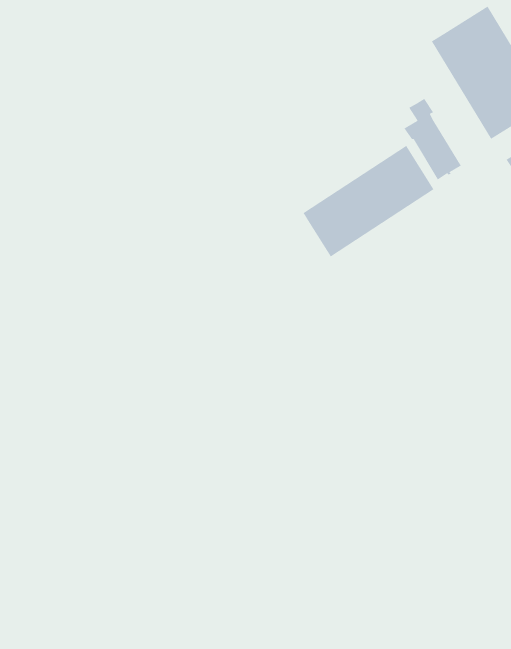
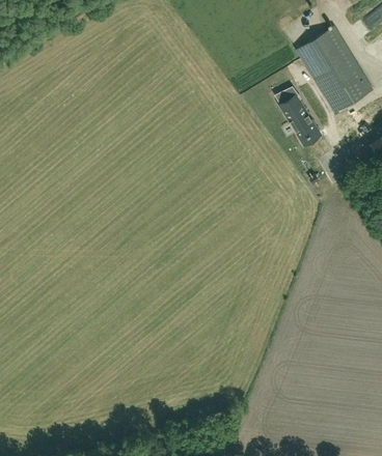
building: [303,145,435,258] -> none

